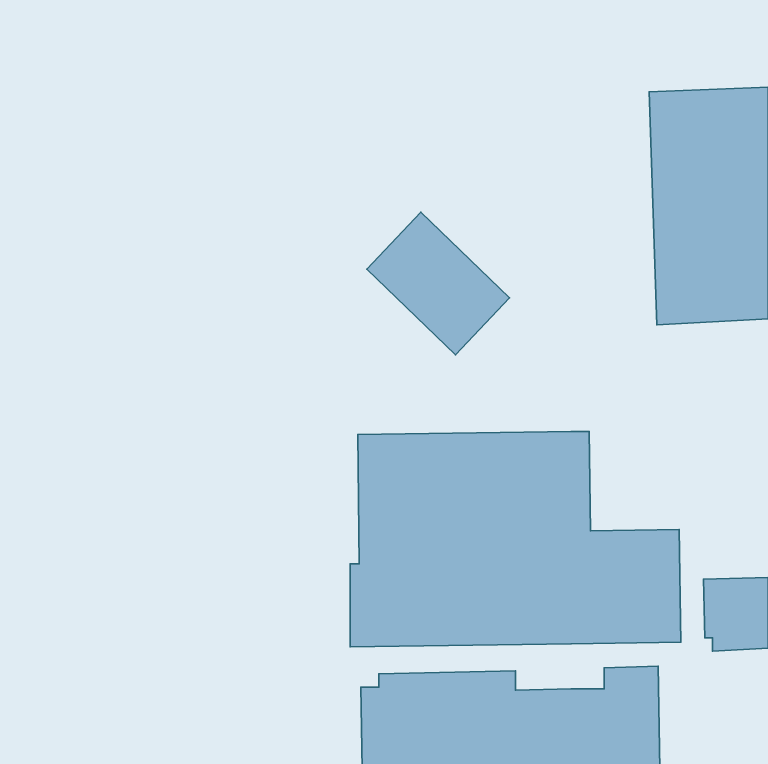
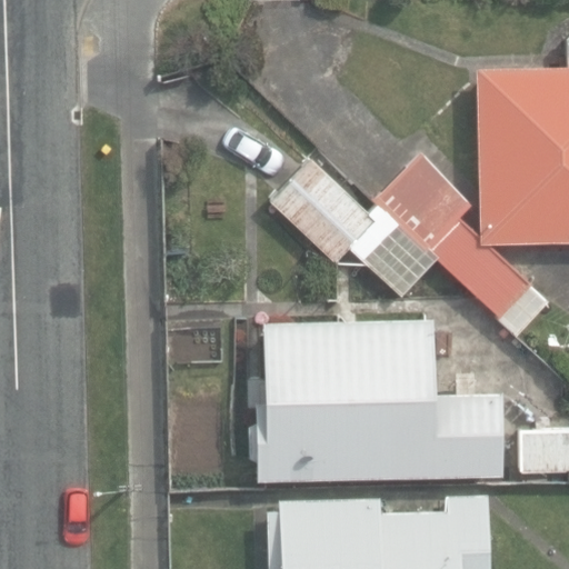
building: none -> [351,153,545,337]

